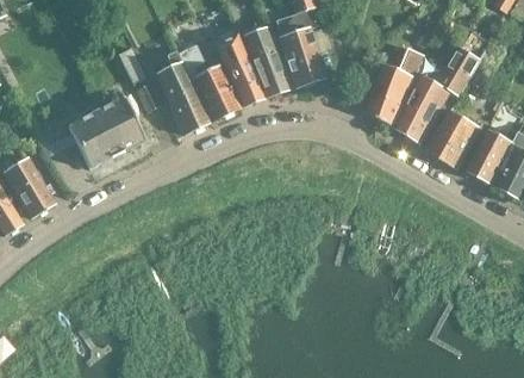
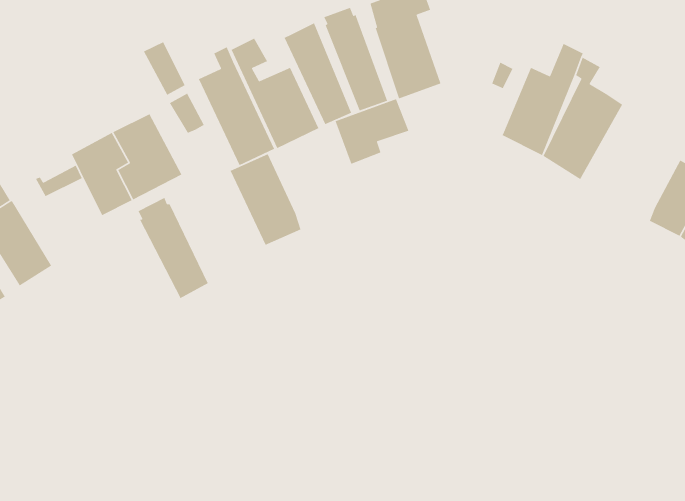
building: [439,48,480,95] -> none
building: none -> [335,98,409,165]
building: [425,109,482,169] -> none
building: none -> [230,153,301,246]
building: none -> [138,197,209,299]

